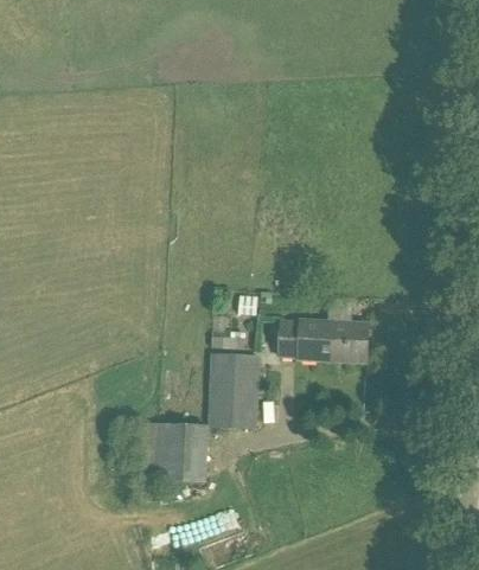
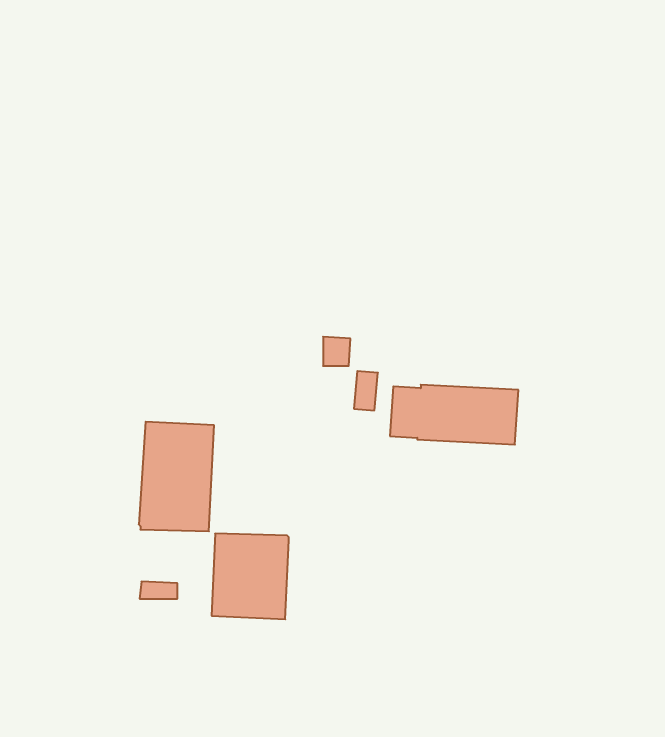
building: [206,352,258,428] -> [139,422,214,531]

